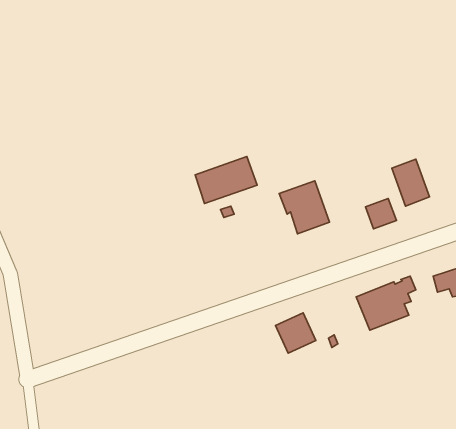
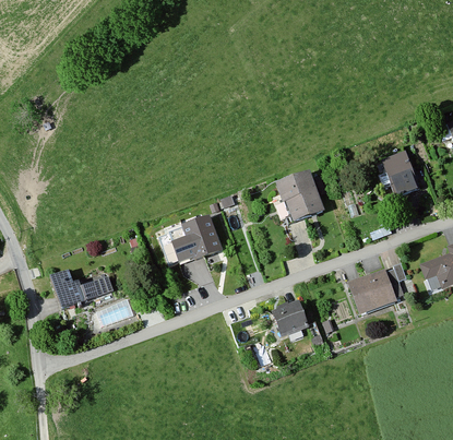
building: [195,156,257,203] -> [159,216,218,261]
building: [365,198,396,229] -> none
building: none -> [50,266,112,304]

